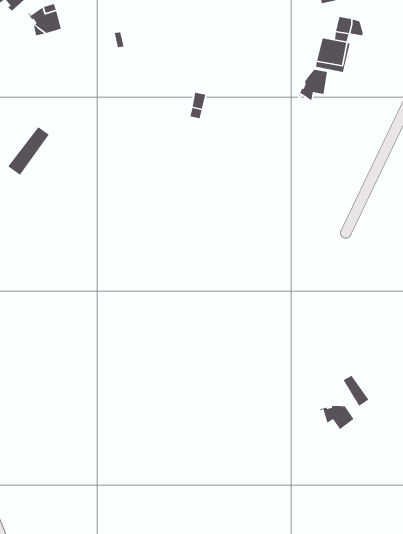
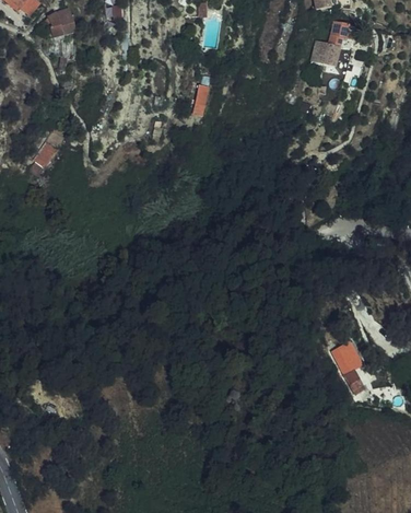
building: [298,69,328,102] -> none
building: [319,405,354,430] -> none

